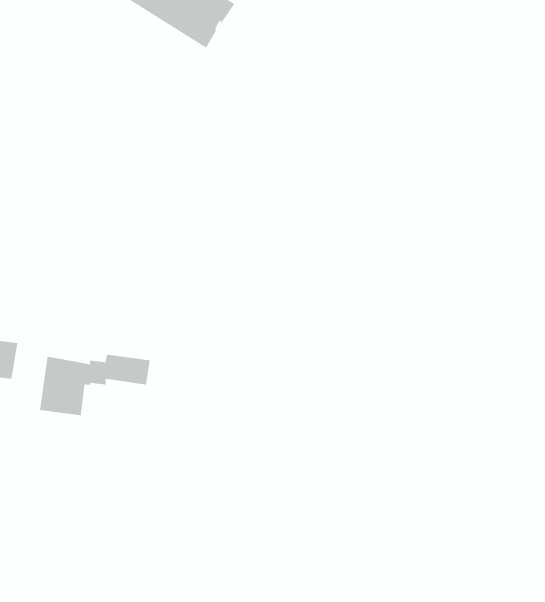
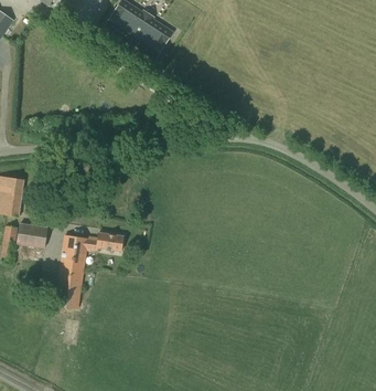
building: none -> [53,264,84,307]

